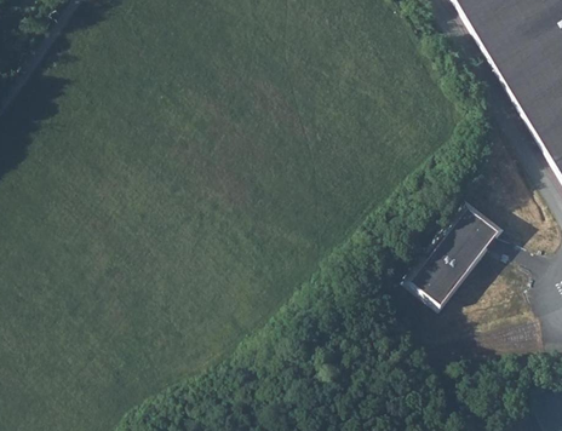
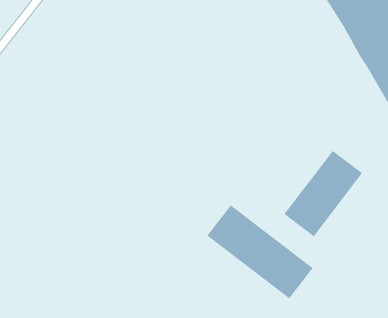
building: none -> [207,205,313,299]

